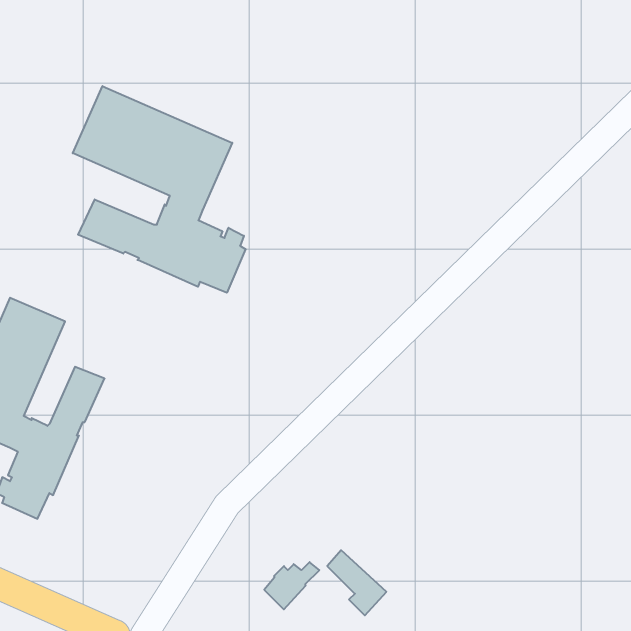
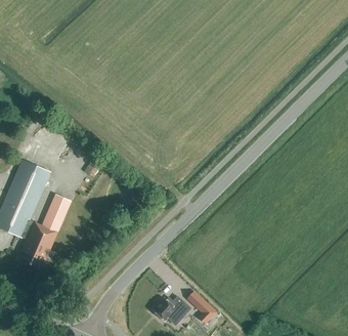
building: [73,86,246,293] -> none

